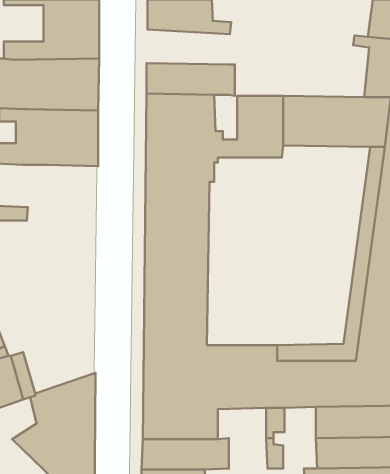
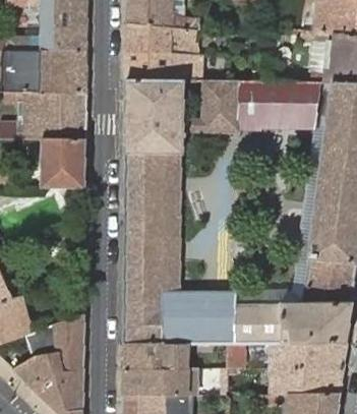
building: none -> [126,25,196,55]
building: none -> [41,139,85,187]

